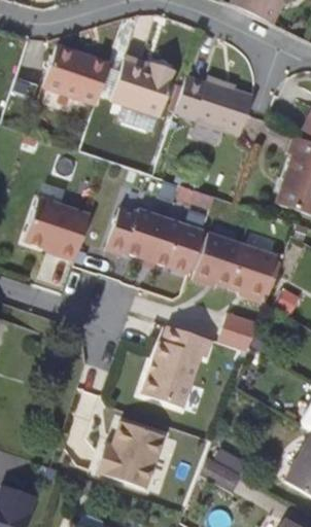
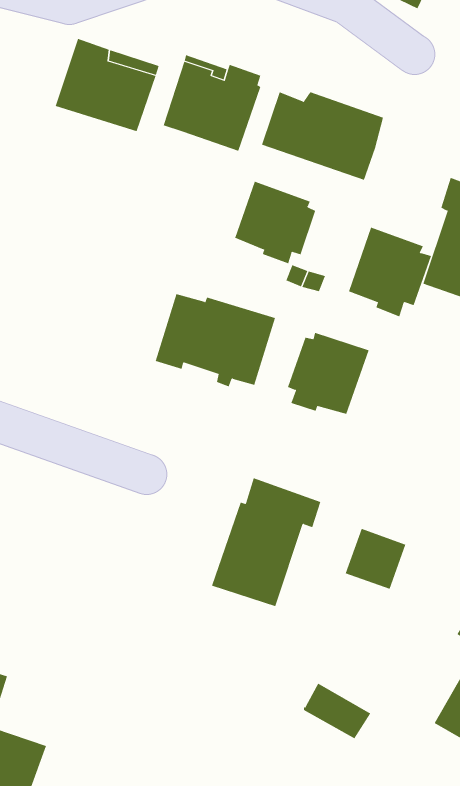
building: none -> [235,181,316,264]
building: [25,197,91,260] -> none
building: [229,243,282,301] -> [348,227,432,317]
building: [218,312,257,351] -> [345,528,406,590]
building: [98,420,165,487] -> none

